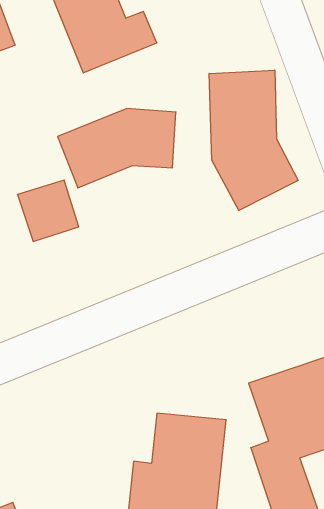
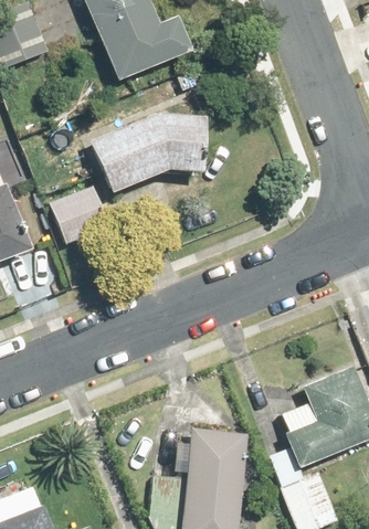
building: [209,70,298,211] -> none

